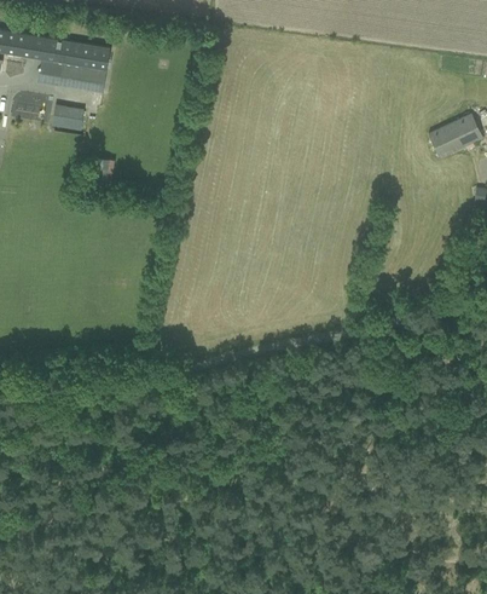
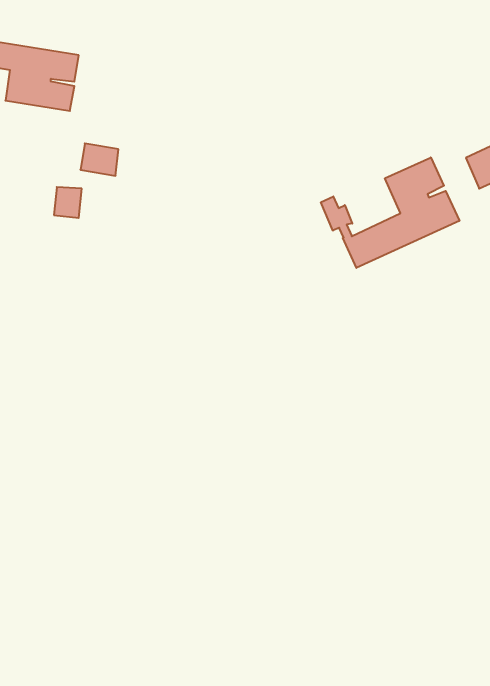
building: [53,105,85,132] -> [80,143,118,176]
building: none -> [321,157,459,268]

